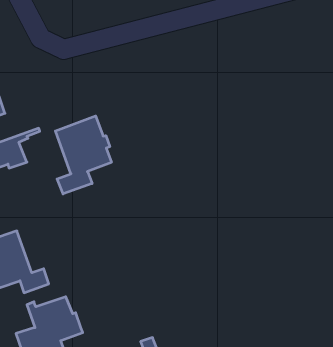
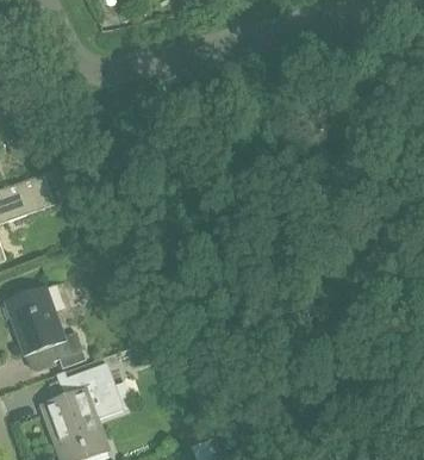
building: [55,116,111,194] -> none

